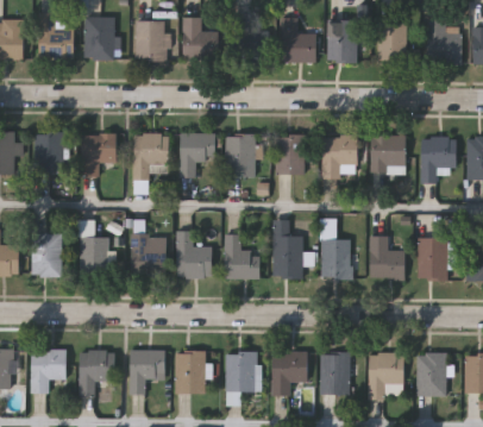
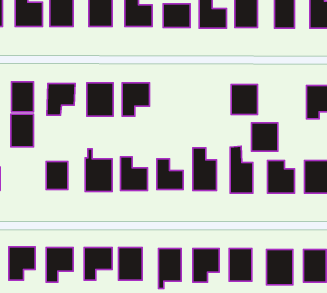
building: [225,134,256,176] -> none
building: [371,134,406,171] -> [251,123,278,151]
building: [275,137,305,172] -> none
building: [32,233,62,276] -> [11,114,34,147]

